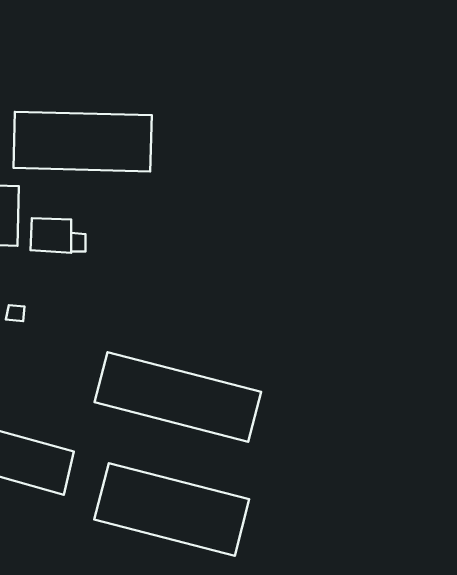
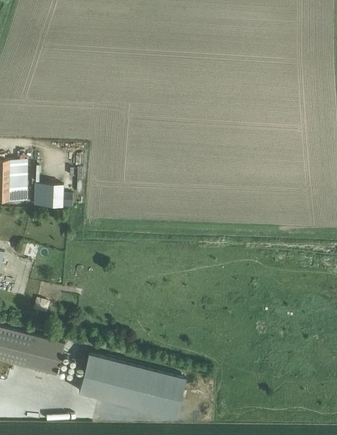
building: [13,112,152,171] -> none
building: [95,352,261,442] -> none

